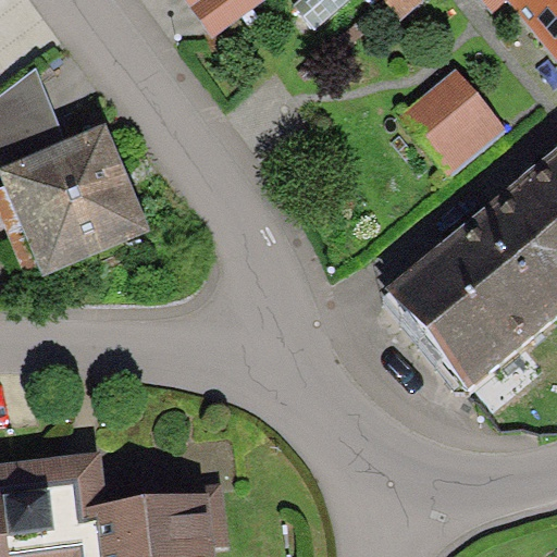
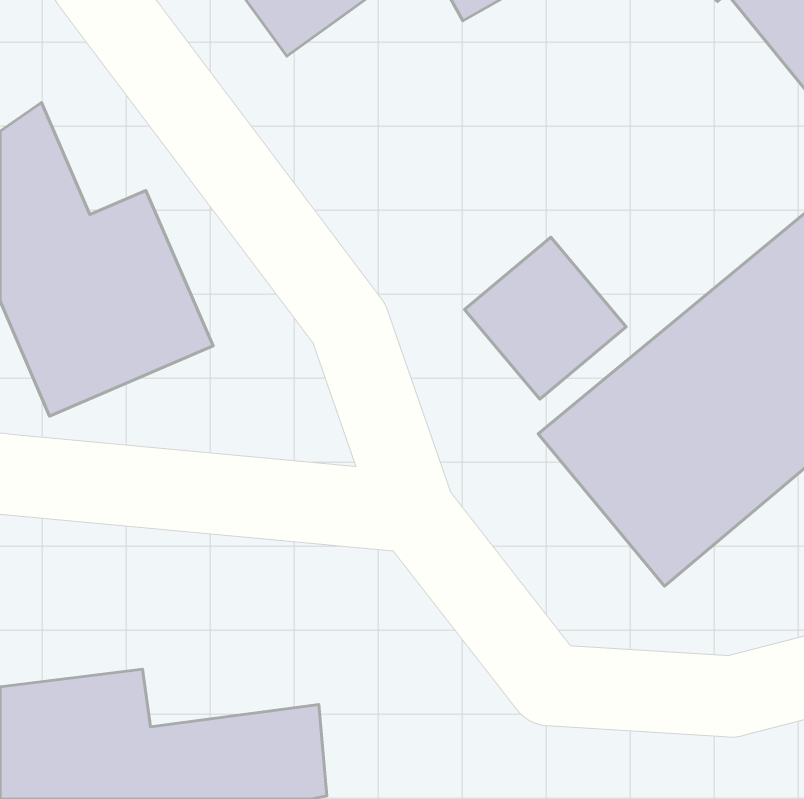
building: [393,69,503,178] -> [464,237,626,399]

